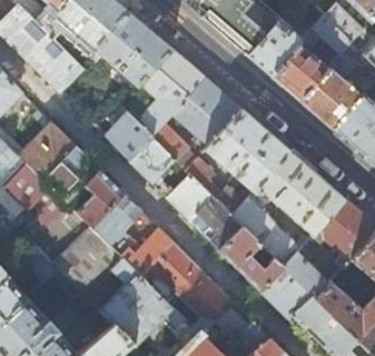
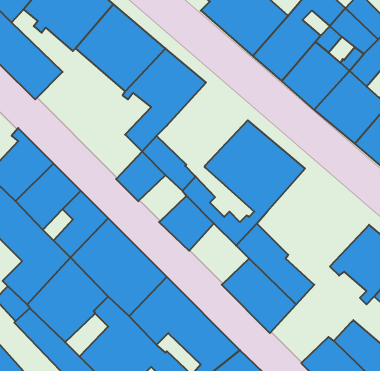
building: [172,77,241,148] -> none
building: [106,103,151,159] -> none
building: [258,150,345,234] -> none
building: [191,197,243,249] -> none
building: [260,249,329,316] -> none

